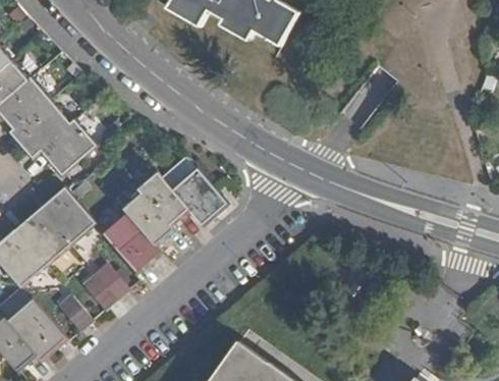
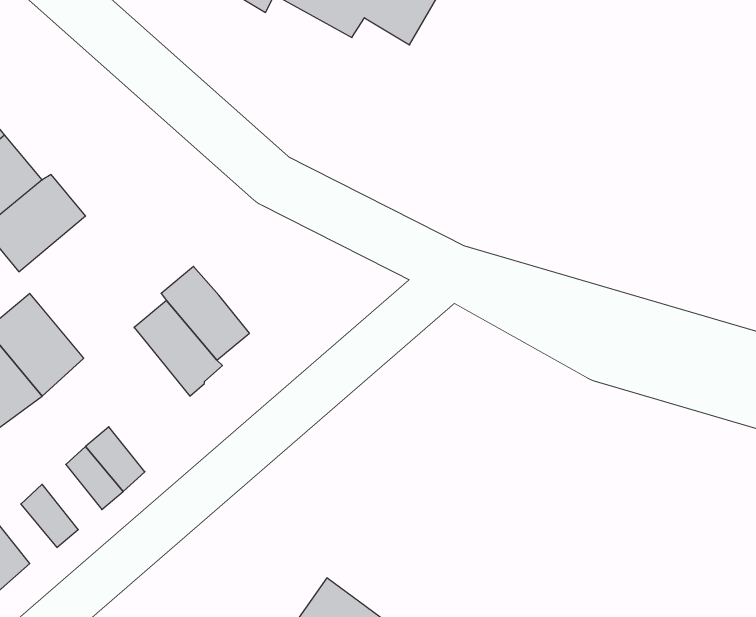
building: [172,164,228,221] -> none
building: [104,210,162,271] -> none

